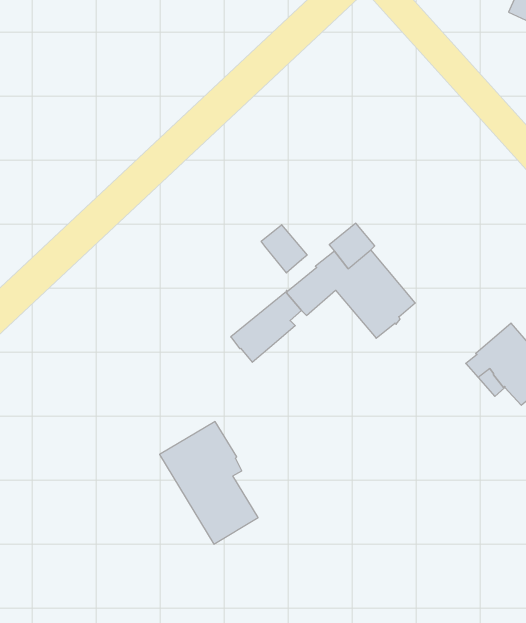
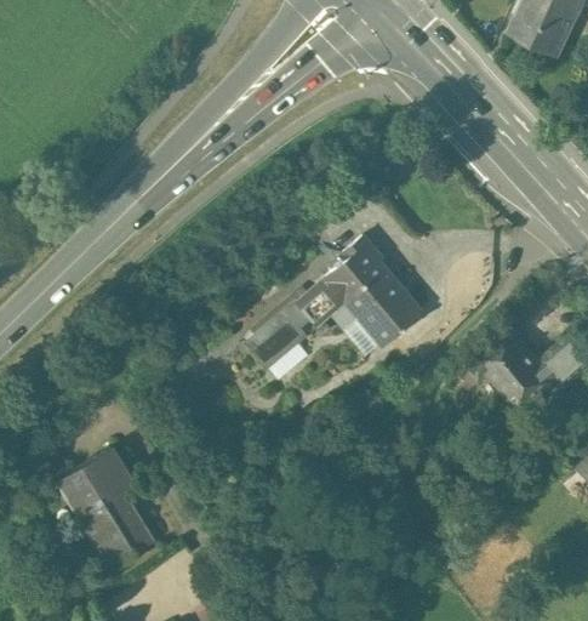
building: [261,225,307,273] -> none
building: [160,422,258,544] -> [59,449,154,566]

